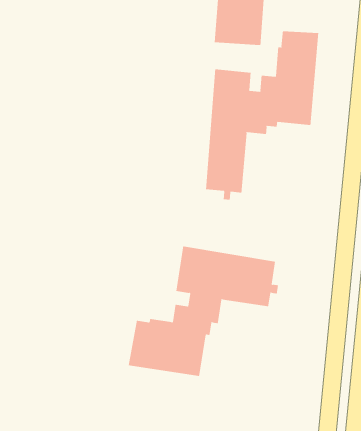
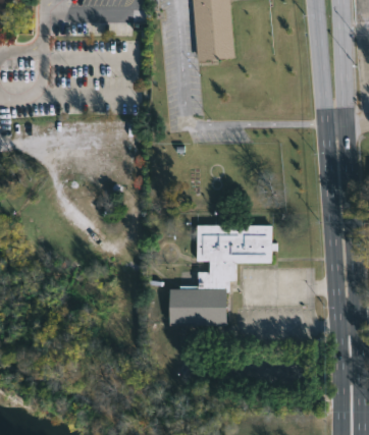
building: [206,31,319,201] -> none

